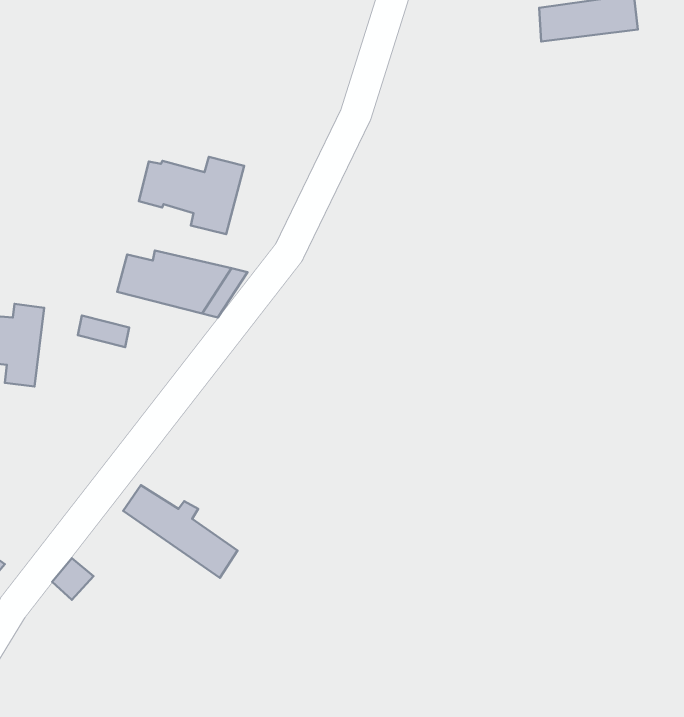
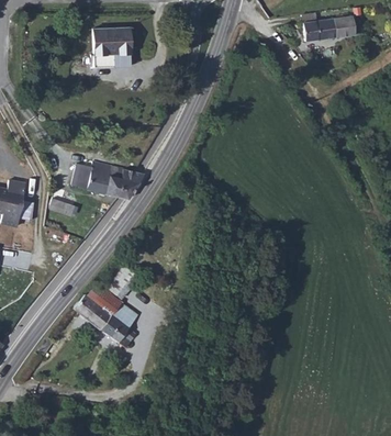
building: none -> [91,25,129,57]
building: [139,157,244,234] -> none

